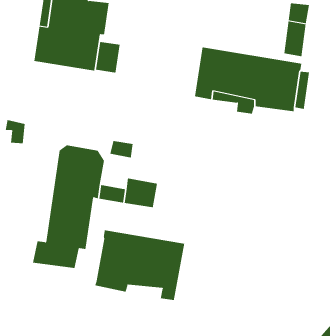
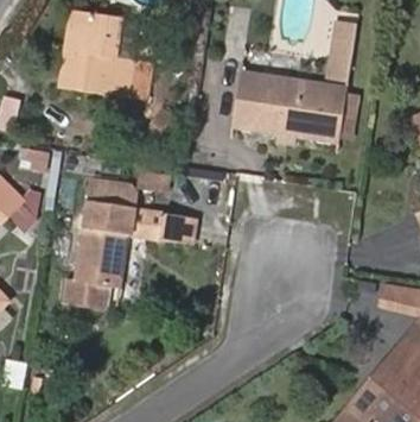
building: [95,229,185,301] -> none

